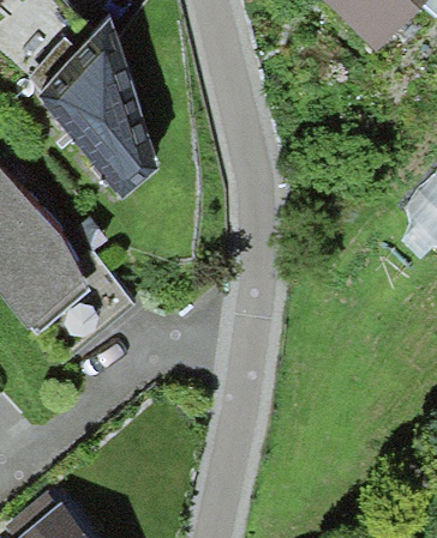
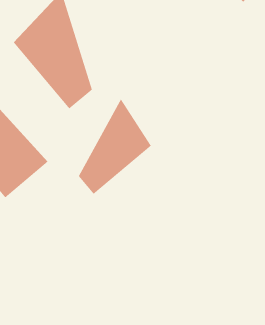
building: none -> [78,98,152,195]

